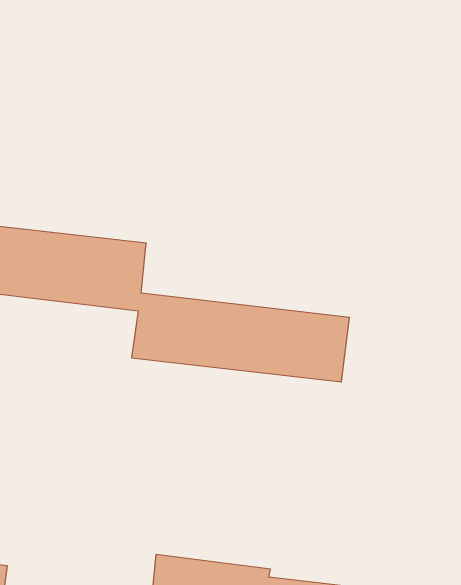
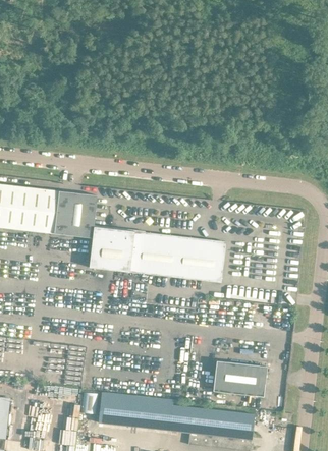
building: none -> [212,360,267,396]

